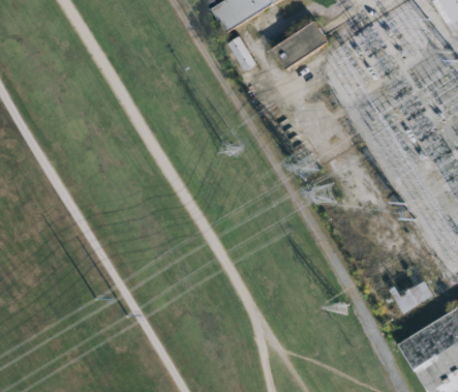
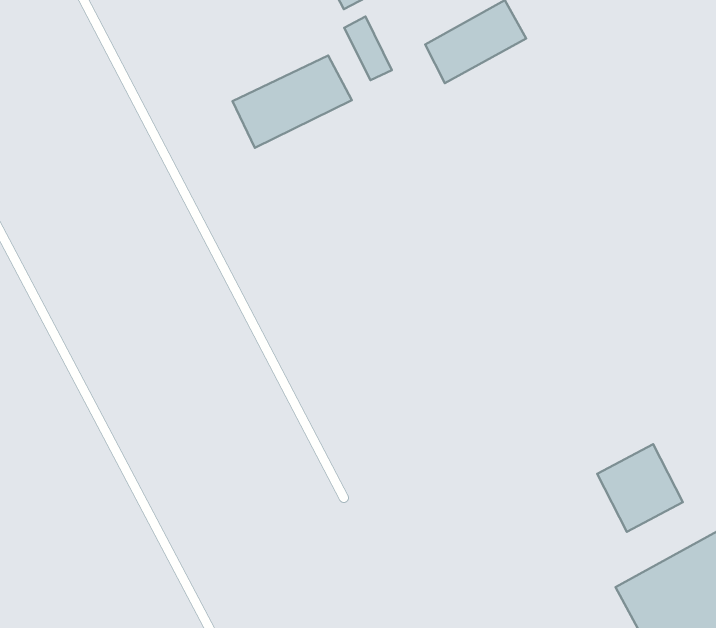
building: none -> [232,56,352,148]

